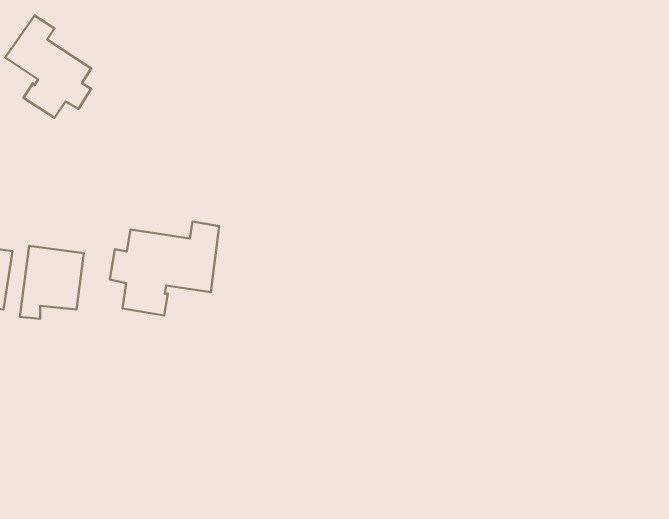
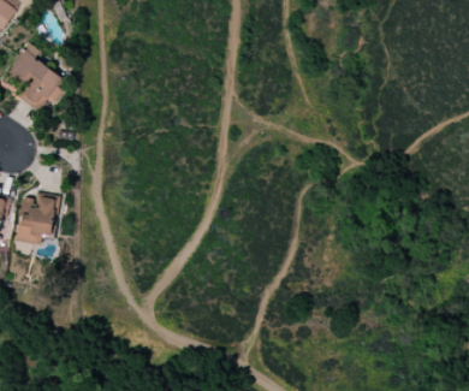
building: [110,222,219,316] -> none

